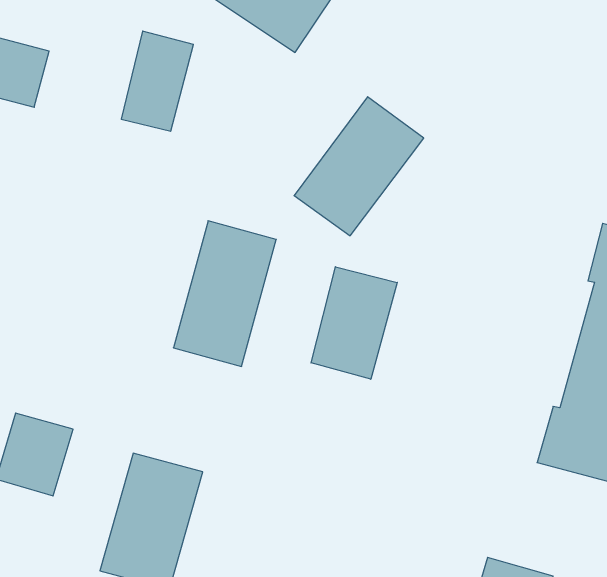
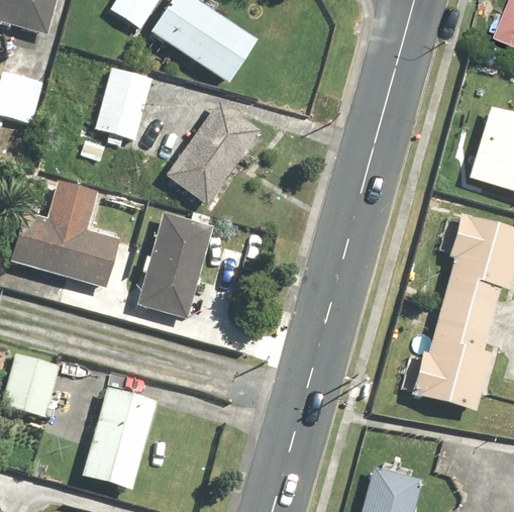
building: [294,97,424,236] -> [164,100,262,205]
building: none -> [12,176,122,282]
building: [311,267,397,379] -> none

